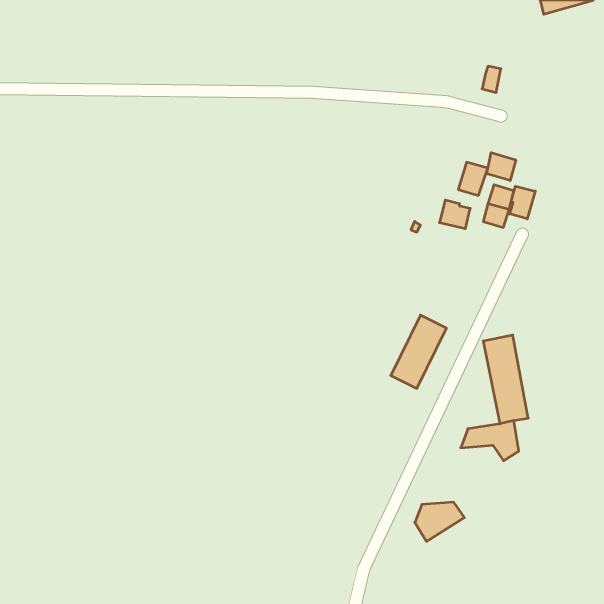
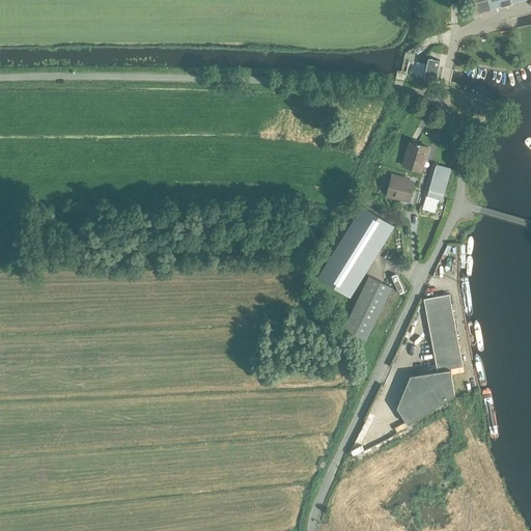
building: [487,153,516,181] -> none
building: [510,186,535,219] -> none
building: none -> [317,206,393,298]
building: [415,502,464,541] -> [397,391,441,425]

